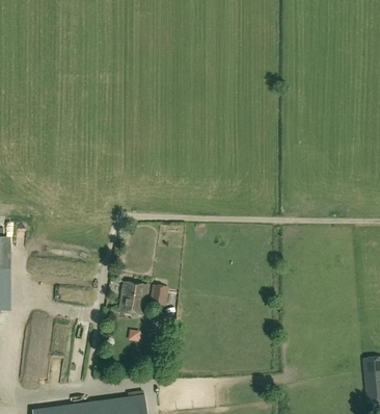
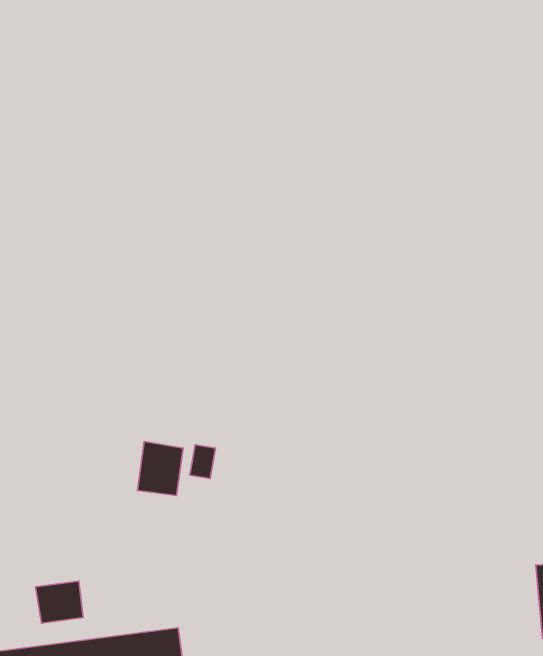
building: none -> [36,581,83,623]

